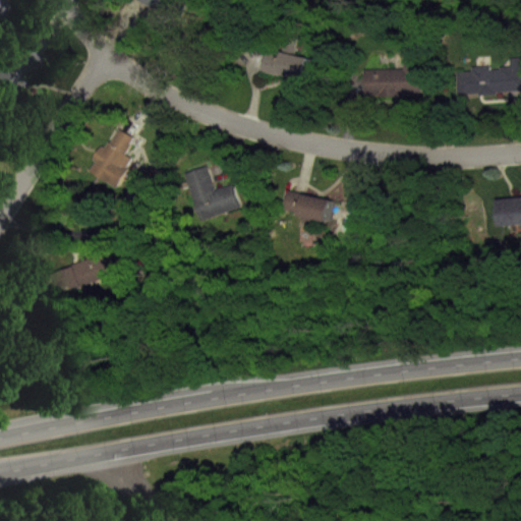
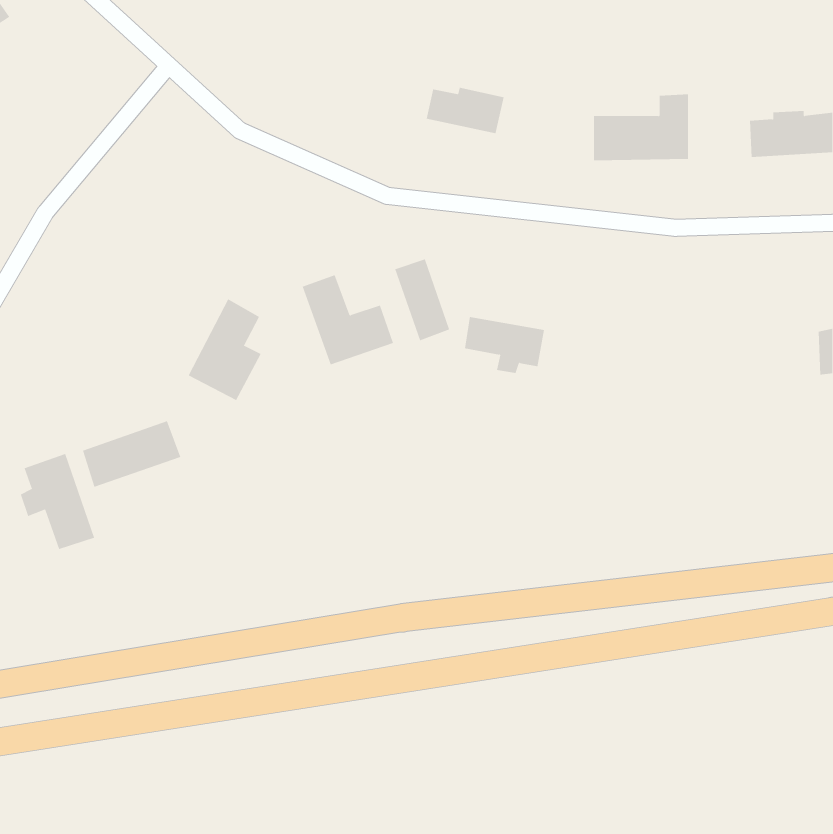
building: [88,127,132,189] -> [188,299,261,401]
building: none -> [394,259,450,341]
building: none -> [20,453,95,550]

